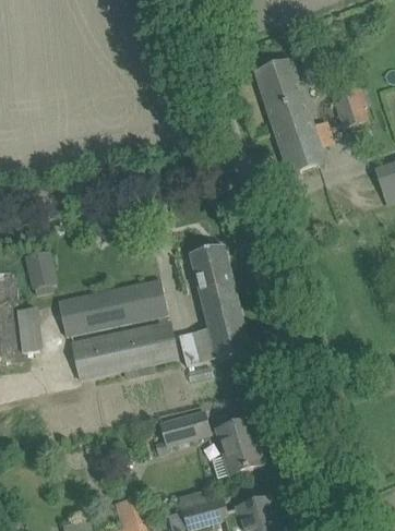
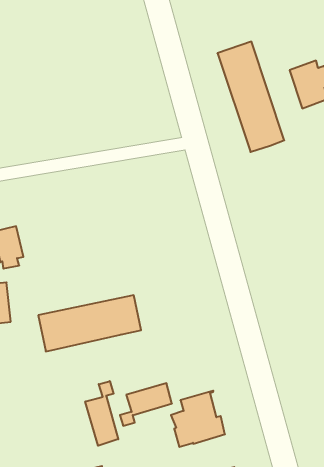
building: [177,244,249,364] -> none
building: [57,278,167,336] -> none
building: none -> [85,381,118,446]

